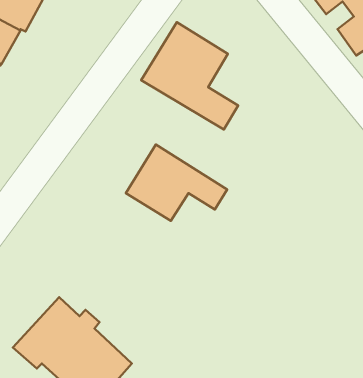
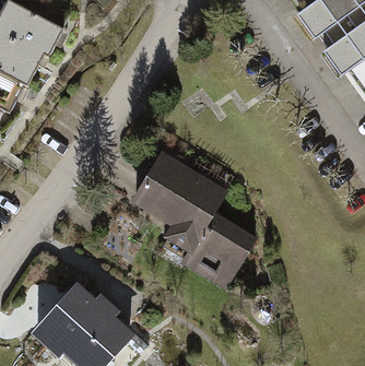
building: [141,22,238,129] -> none
building: none -> [163,198,254,274]

